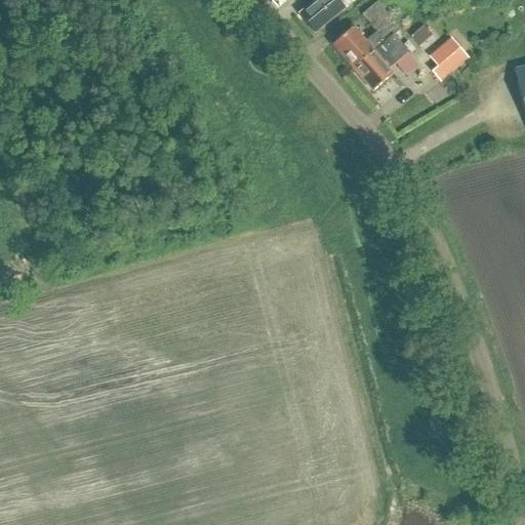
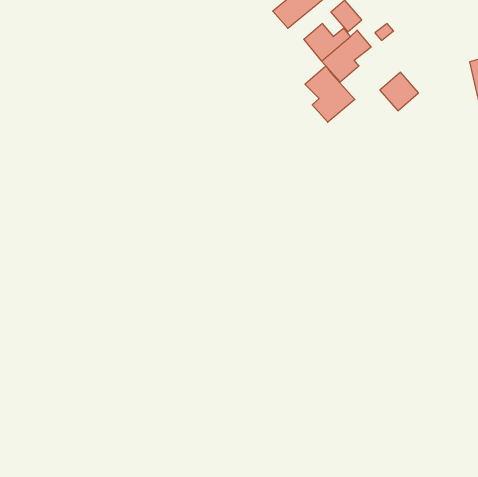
building: [426,33,468,75] -> [380,72,418,111]
building: none -> [305,66,355,122]

